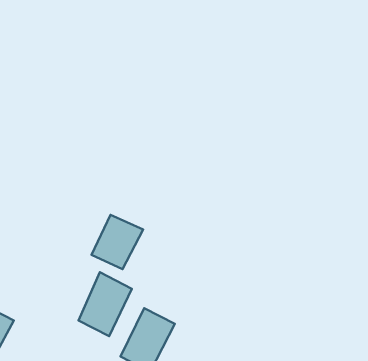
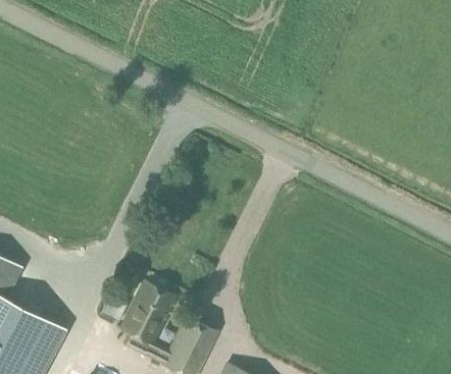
building: [92,215,143,269] -> none

